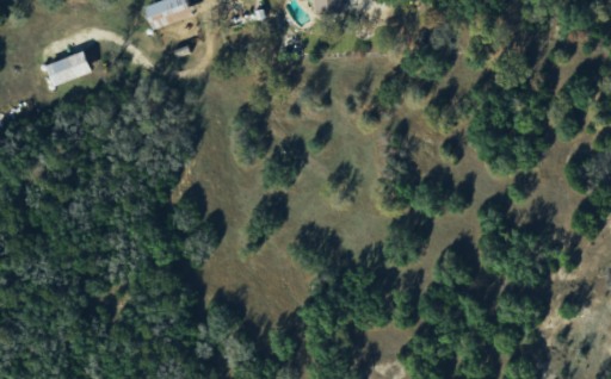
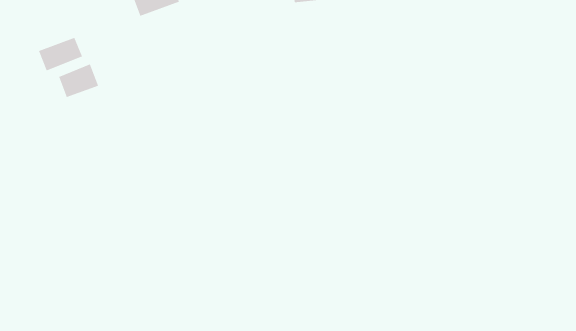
building: none -> [58,64,99,98]

